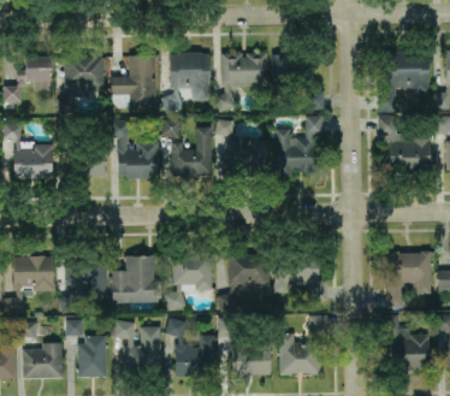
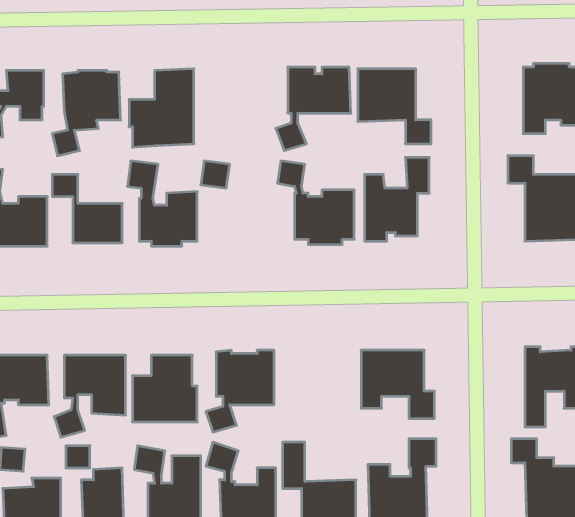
building: [164,54,208,111] -> none
building: [171,126,211,177] -> none
building: [215,253,268,312] -> none

